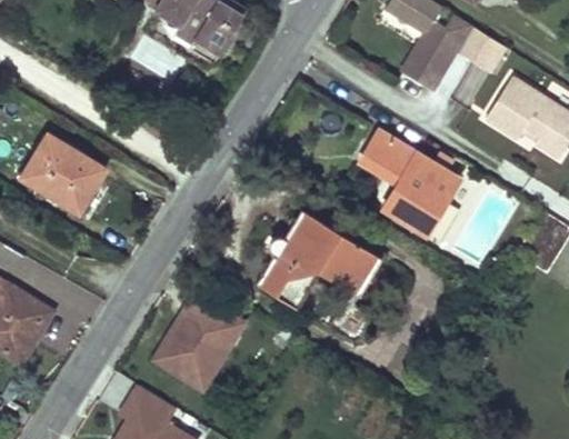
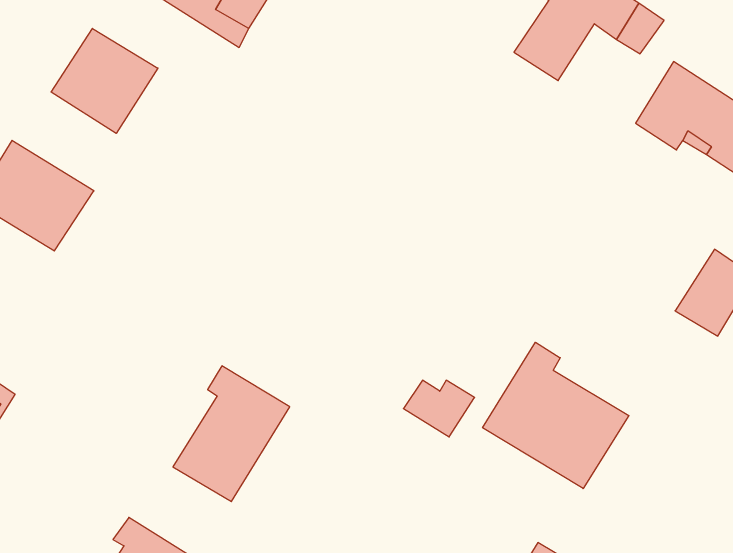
building: none -> [51,28,158,133]
building: [366,132,460,235] -> none
building: [258,216,381,305] -> none
building: none -> [483,342,629,489]

